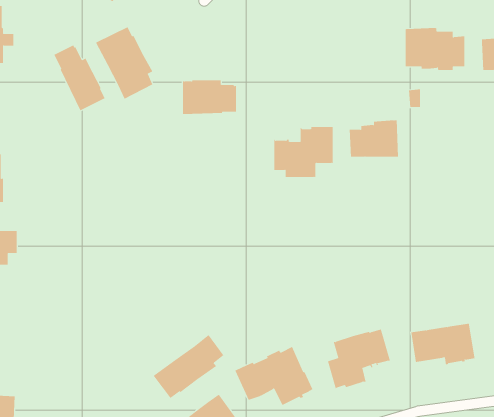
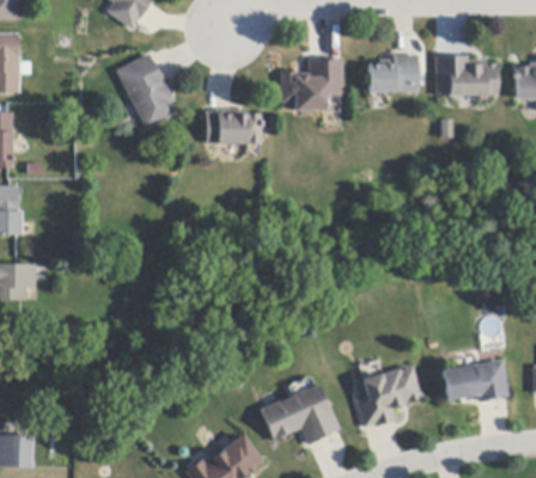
building: [54,44,105,111] -> none
building: [349,120,399,157] -> [366,54,418,92]
building: [273,126,334,177] -> [280,57,342,110]
building: [153,334,224,399] -> none

